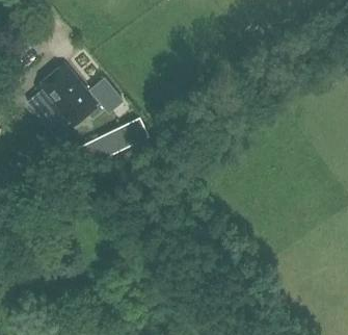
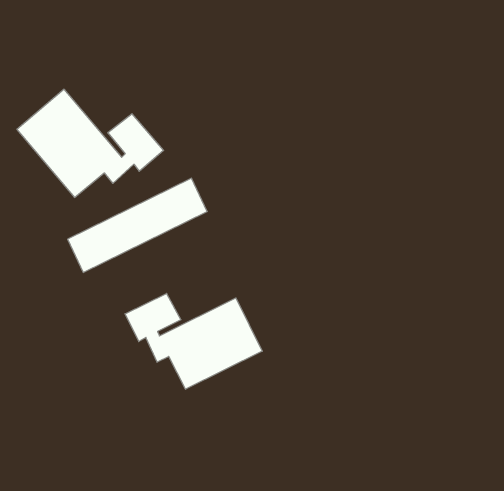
building: none -> [125,293,262,389]

